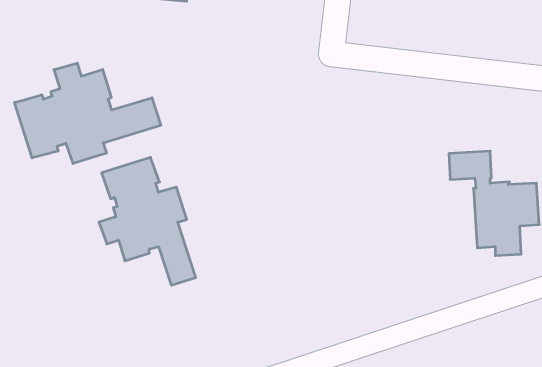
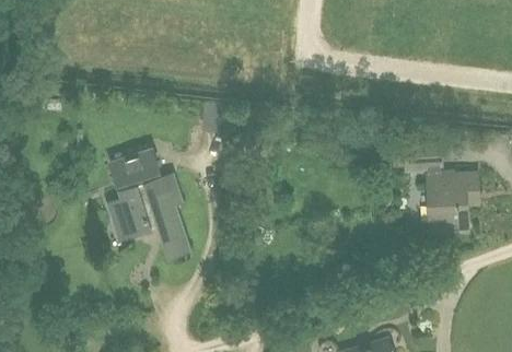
building: [15,63,161,164] -> none

